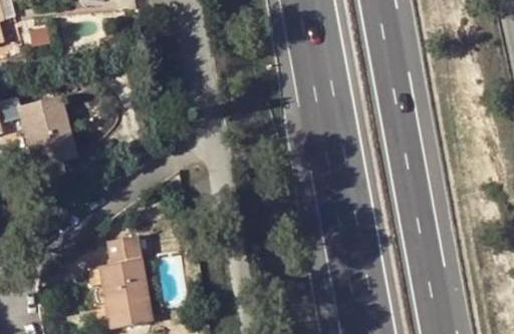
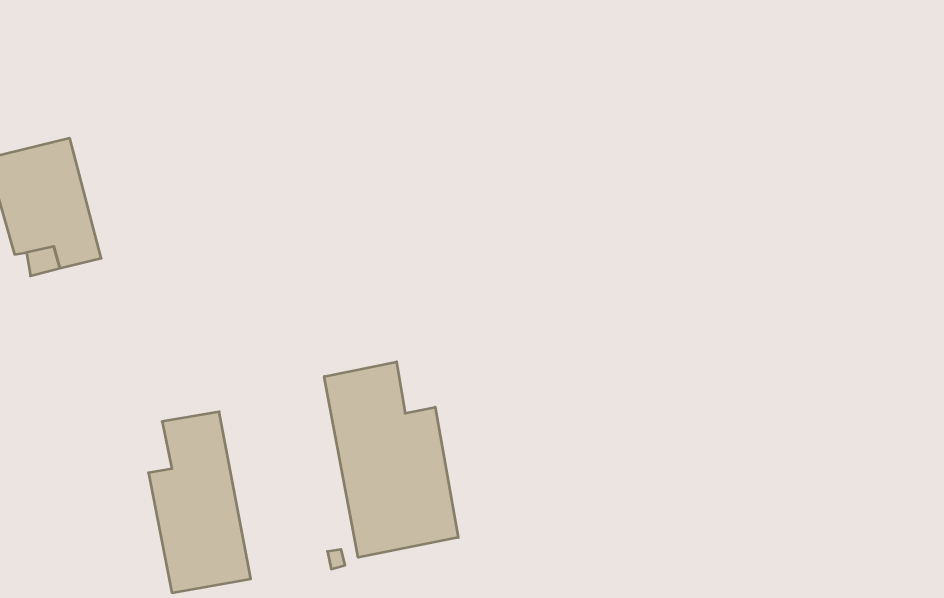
building: none -> [324,362,458,557]

